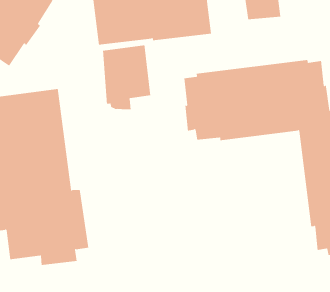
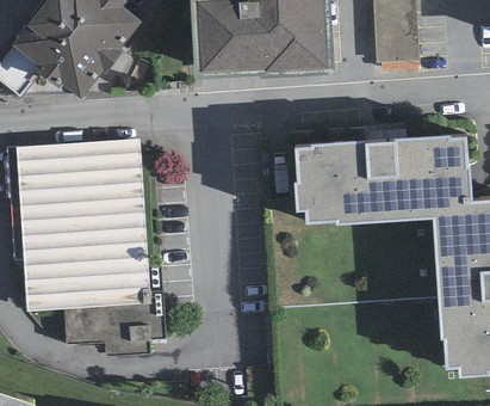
building: [102,45,151,110] -> none

